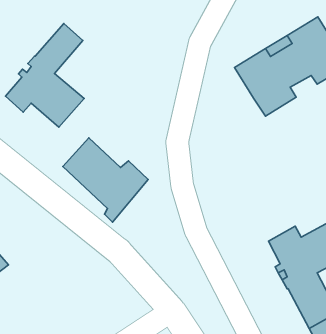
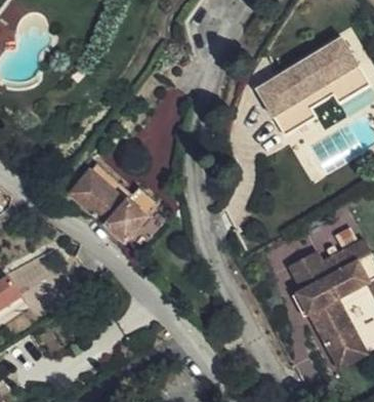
building: [5,23,84,127] -> none

